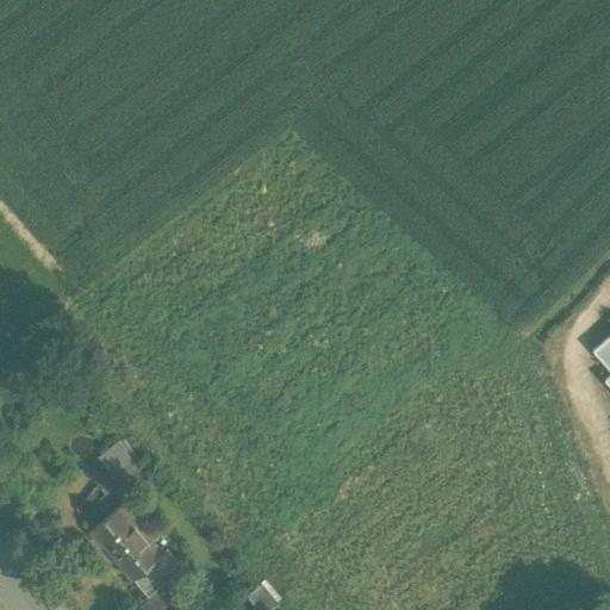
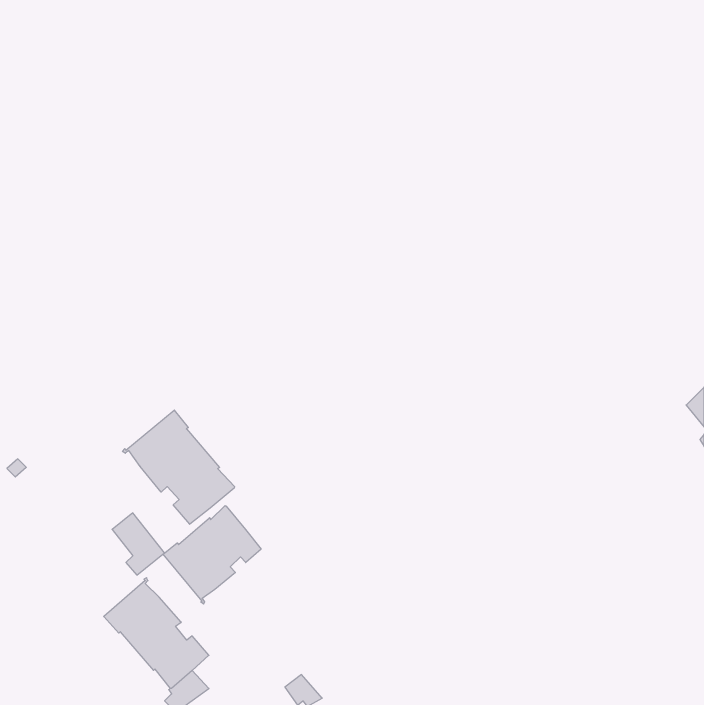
building: none -> [123,410,235,524]
building: none -> [163,506,261,604]

